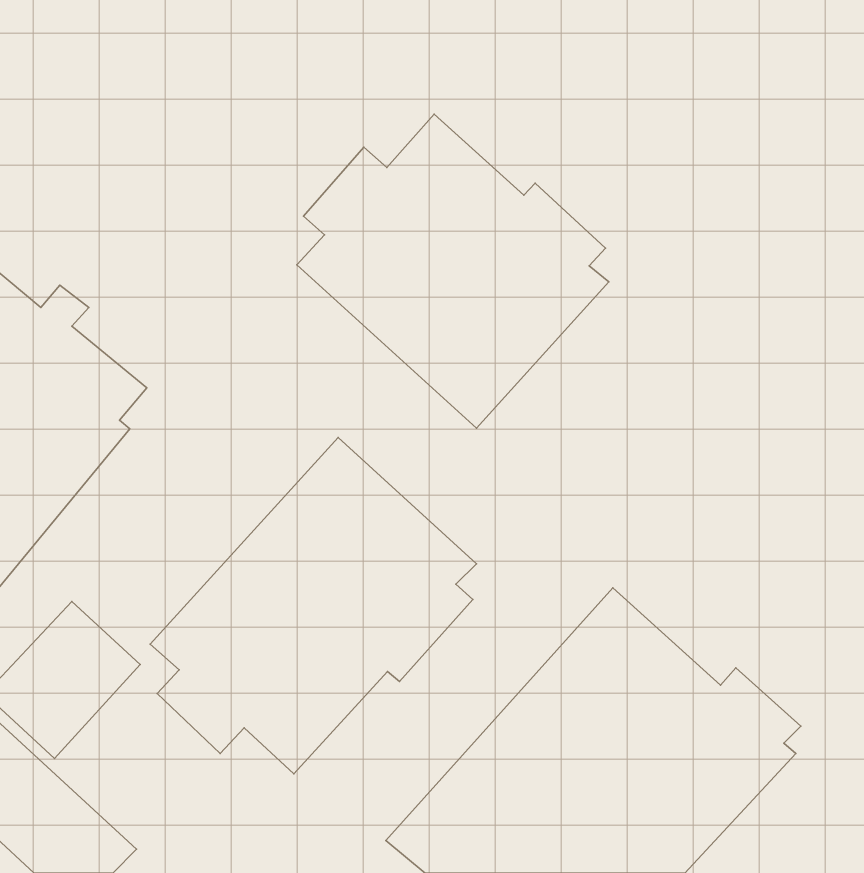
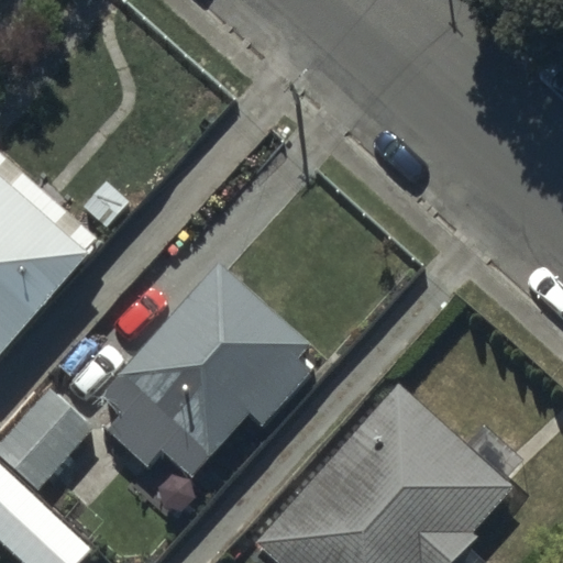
building: [297,114,609,428] -> none

